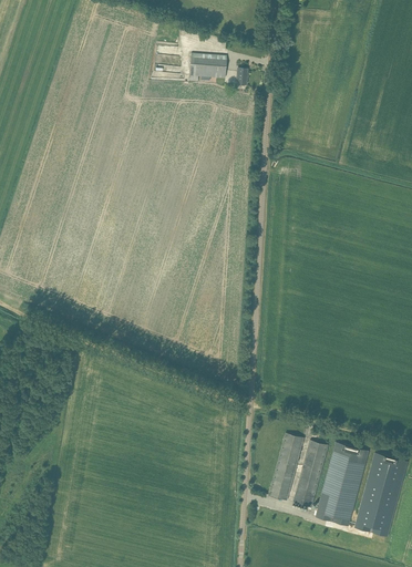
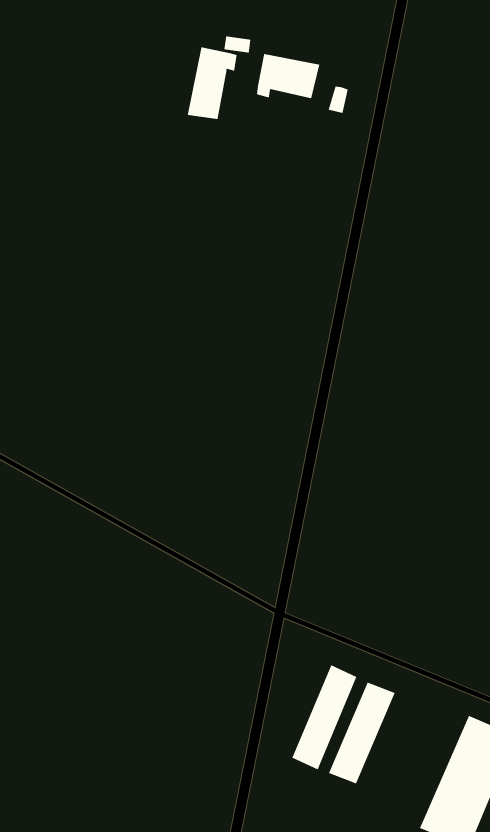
building: none -> [187,46,237,120]
building: [315,441,368,526] -> none

